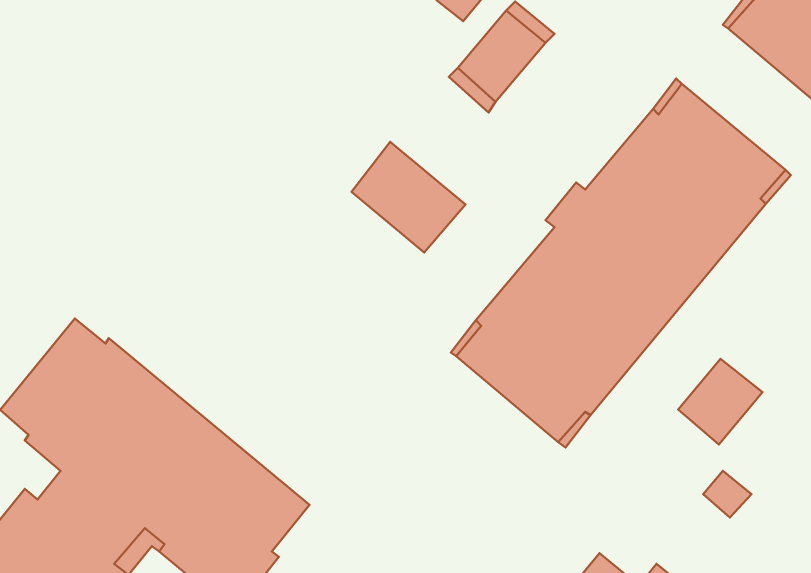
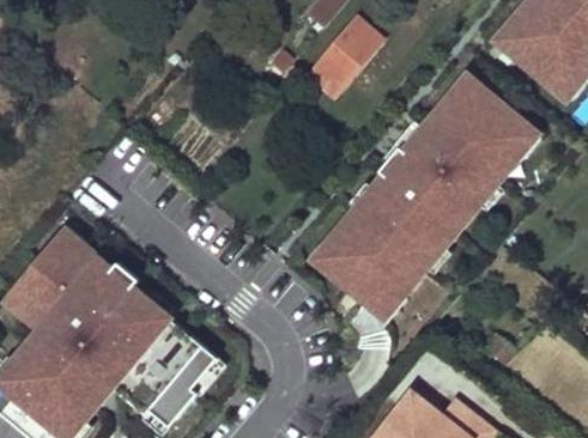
building: [352,142,466,252] -> none
building: [678,359,763,445] -> none

